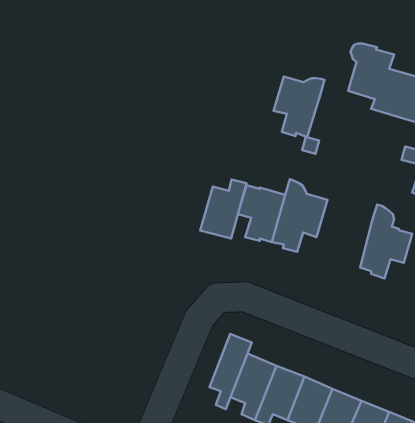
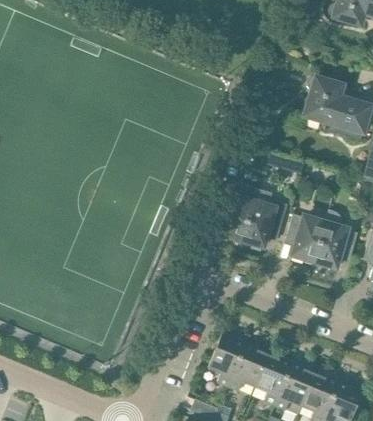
building: [274,77,324,137] -> none
building: [200,180,247,238] -> none
building: none -> [286,215,325,262]
building: [209,334,252,409] -> none

